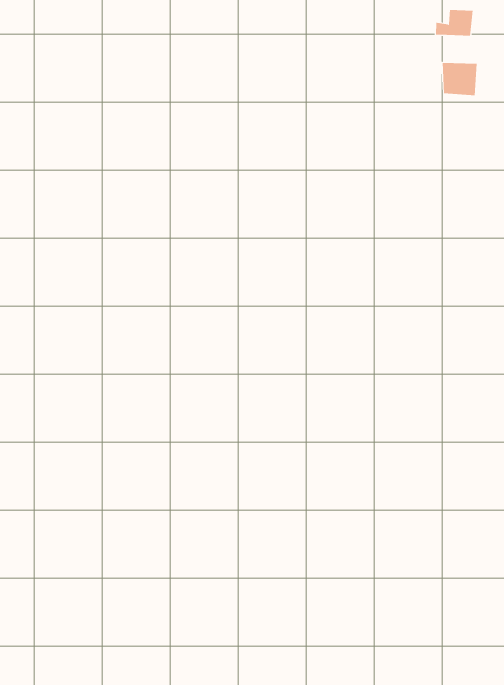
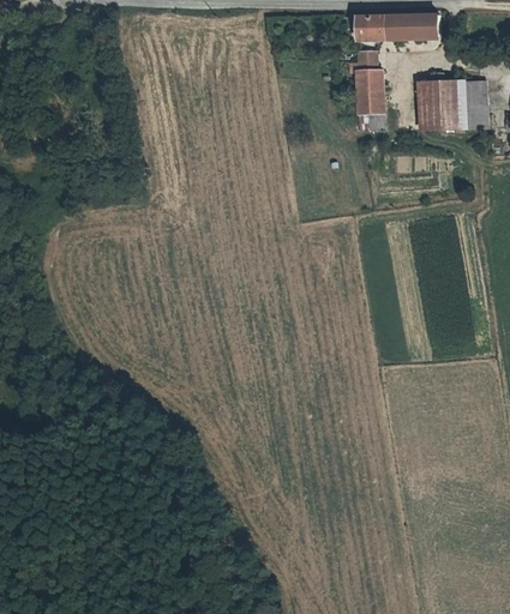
building: none -> [355,70,382,92]

